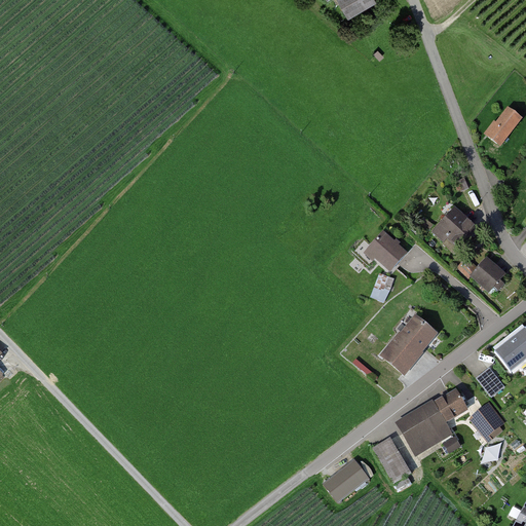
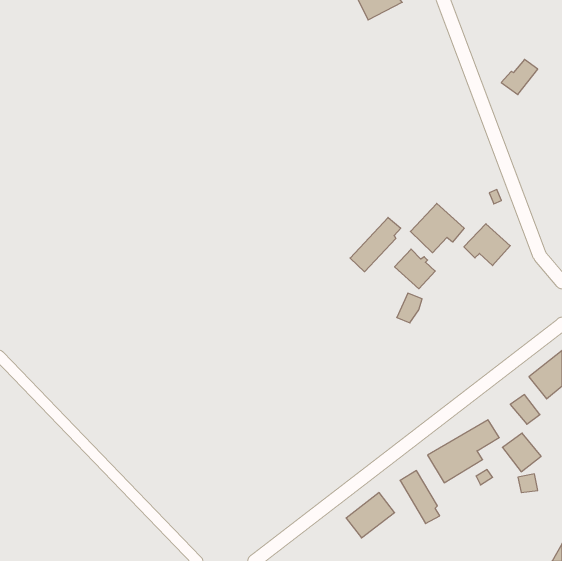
building: [485,110,519,143] -> [501,59,538,95]
building: none -> [410,203,464,253]
building: none -> [350,217,401,272]
building: [458,258,504,291] -> none
building: [383,317,434,372] -> none

